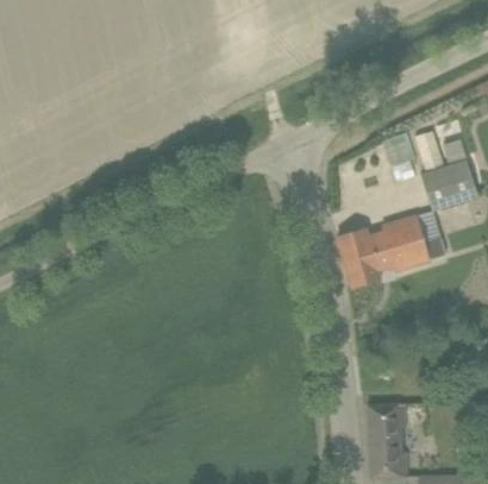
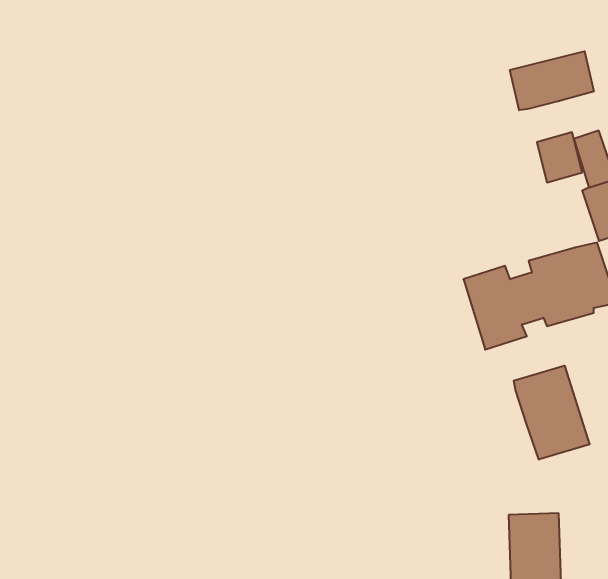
building: none -> [510,51,594,110]
building: none -> [514,366,590,460]

